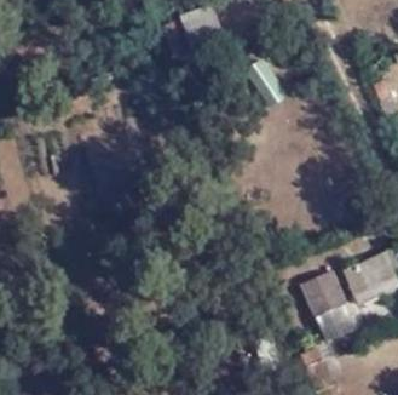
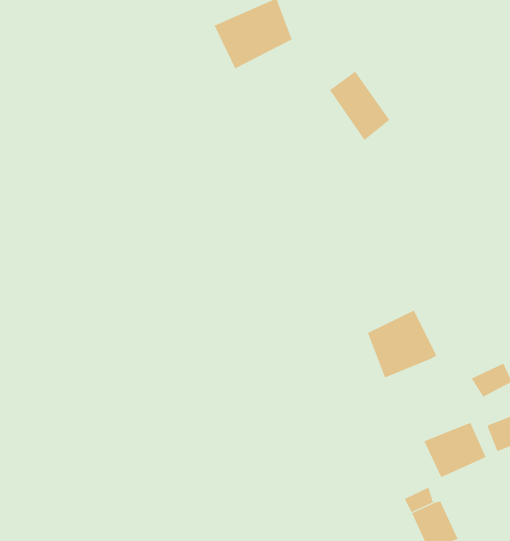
building: [300,268,348,315] -> [367,310,437,378]

